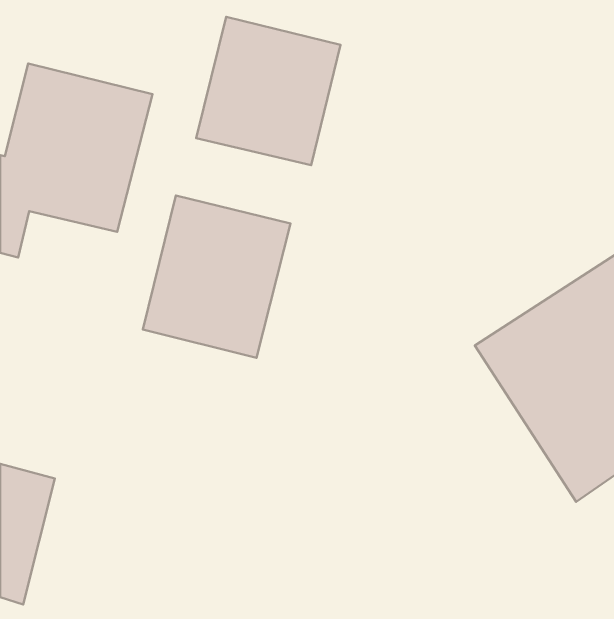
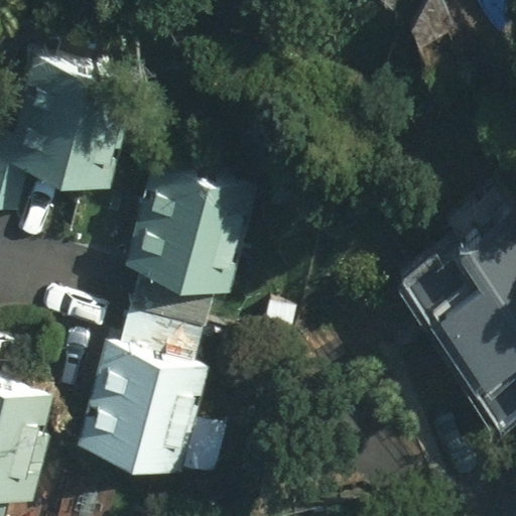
building: [196,17,341,165] -> none
building: none -> [77,339,206,476]

